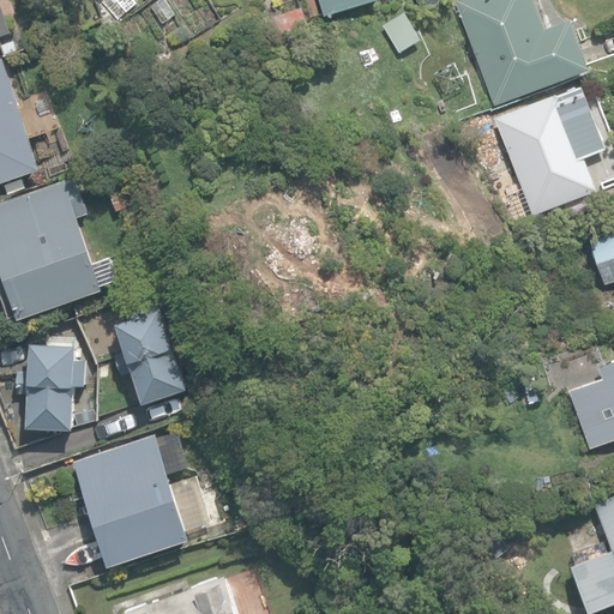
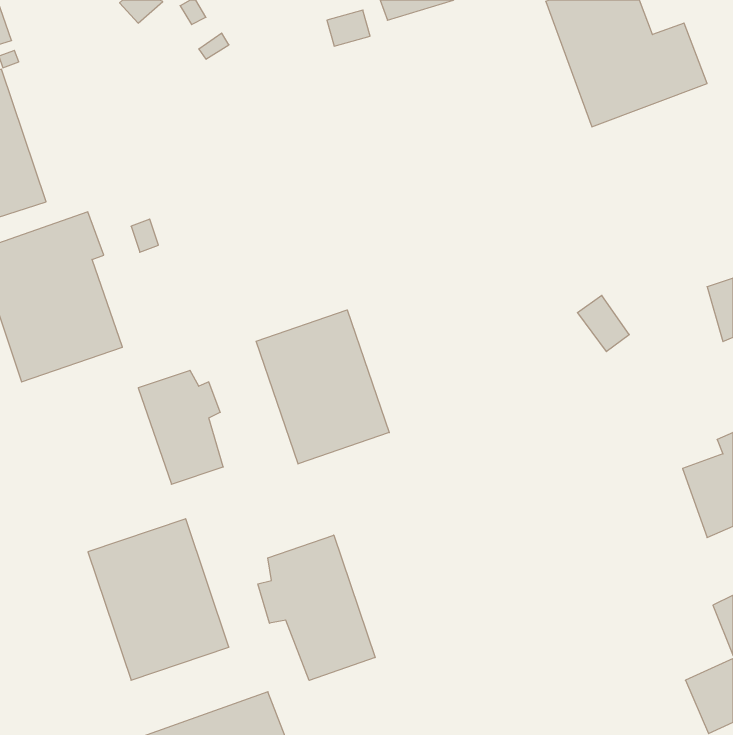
building: [493,86,604,216] -> none
building: none -> [256,310,389,464]
building: [26,345,85,432] -> none
building: none -> [258,535,375,680]

